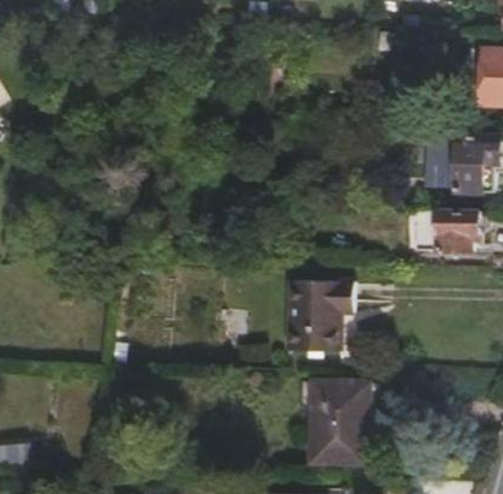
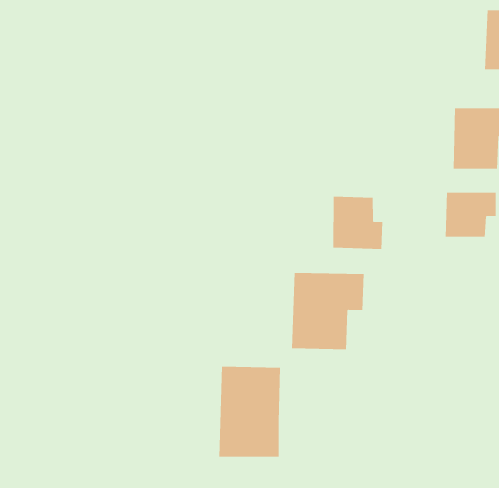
building: none -> [333,196,383,250]
building: [309,381,364,462] -> [218,366,281,457]

